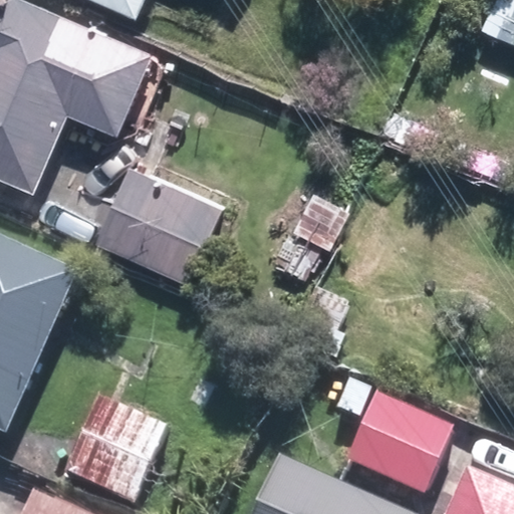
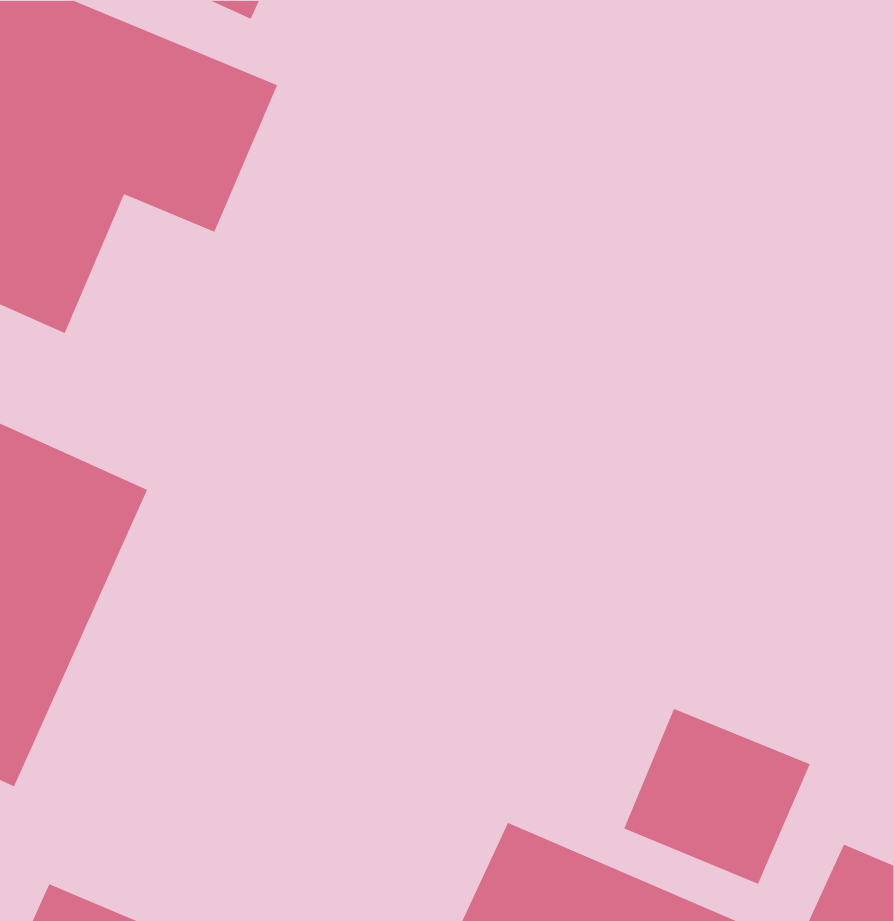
building: [90,164,218,282] -> none
building: [69,399,165,504] -> none

